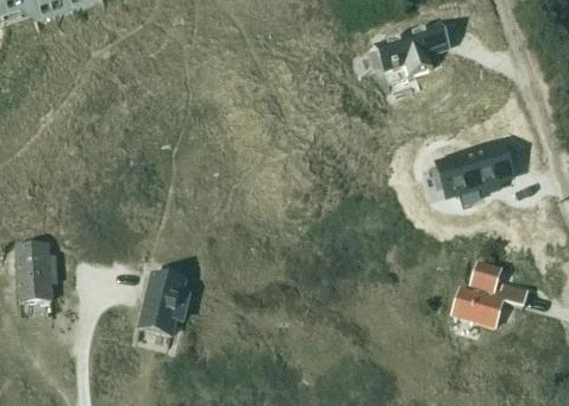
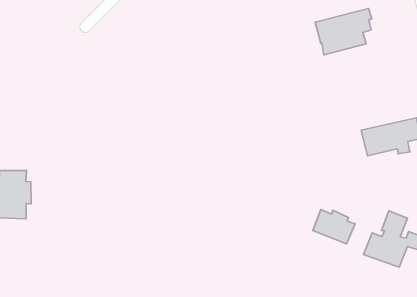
building: none -> [313,210,355,244]
building: [138,273,186,335] -> none

